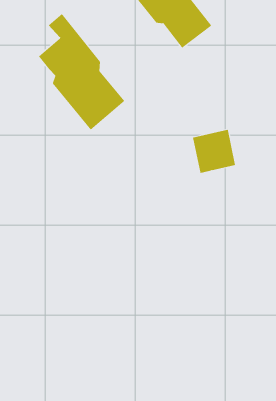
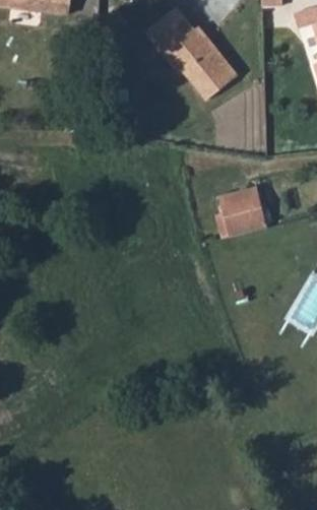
building: [38,13,125,131] -> none

